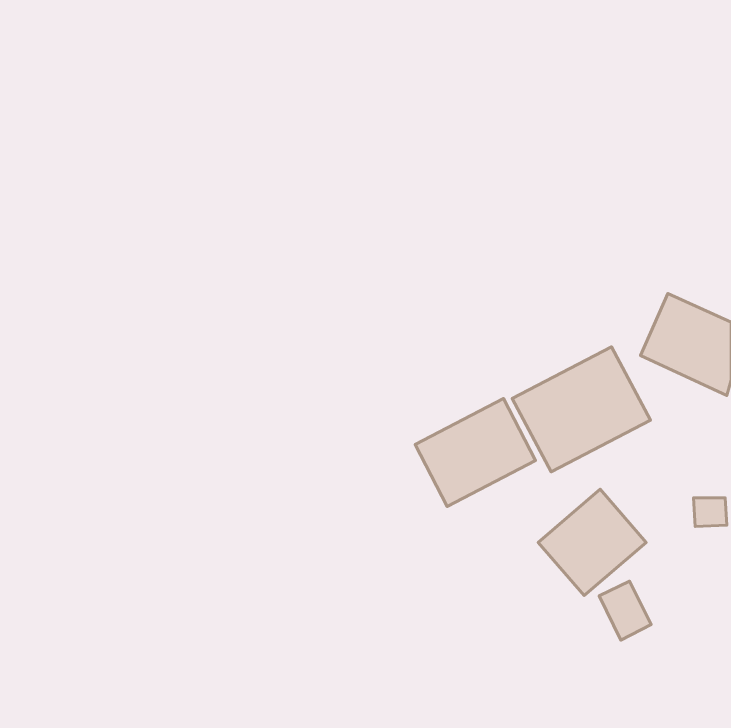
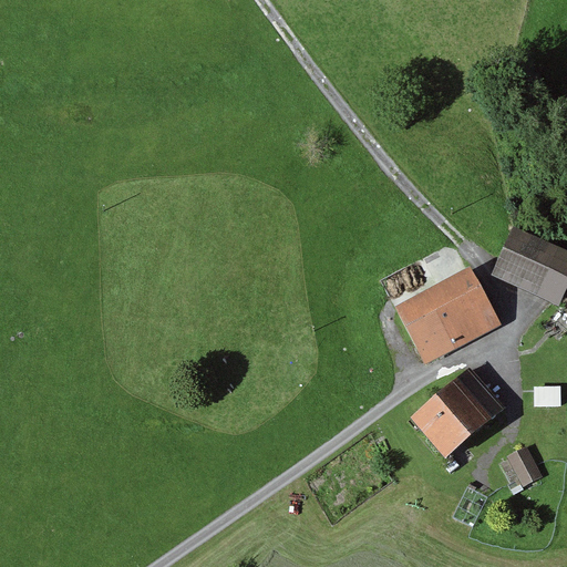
building: [415,398,536,506] -> none
building: [599,581,651,640] -> [503,442,543,487]

